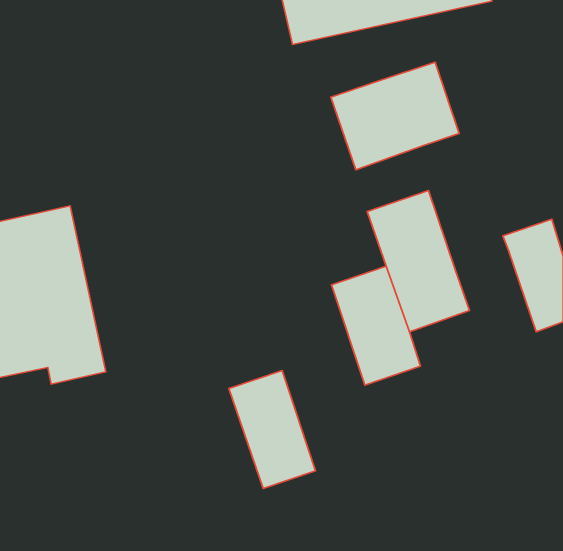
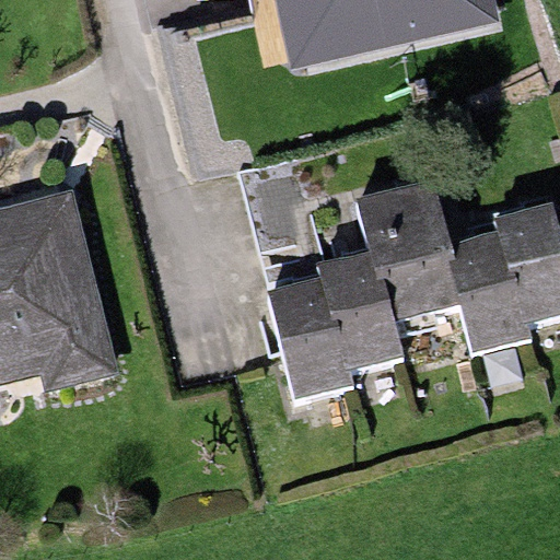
building: [331,62,459,170] -> none
building: none -> [447,246,533,360]
building: [229,371,315,489] -> [273,280,359,396]

